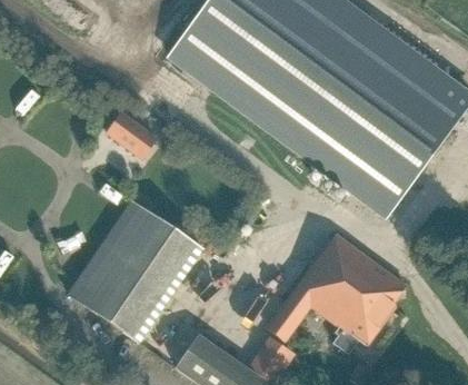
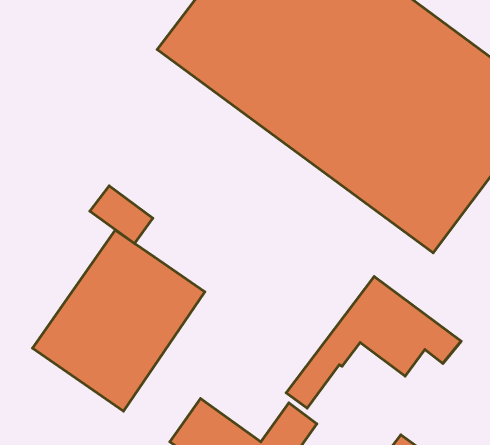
building: [107,112,157,158] -> [90,186,153,243]
building: [312,288,395,355] -> none

